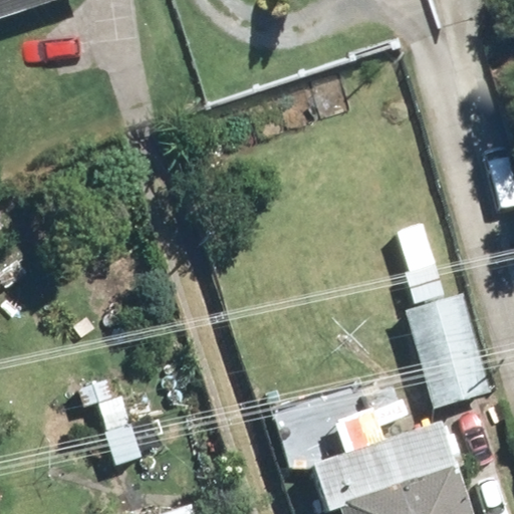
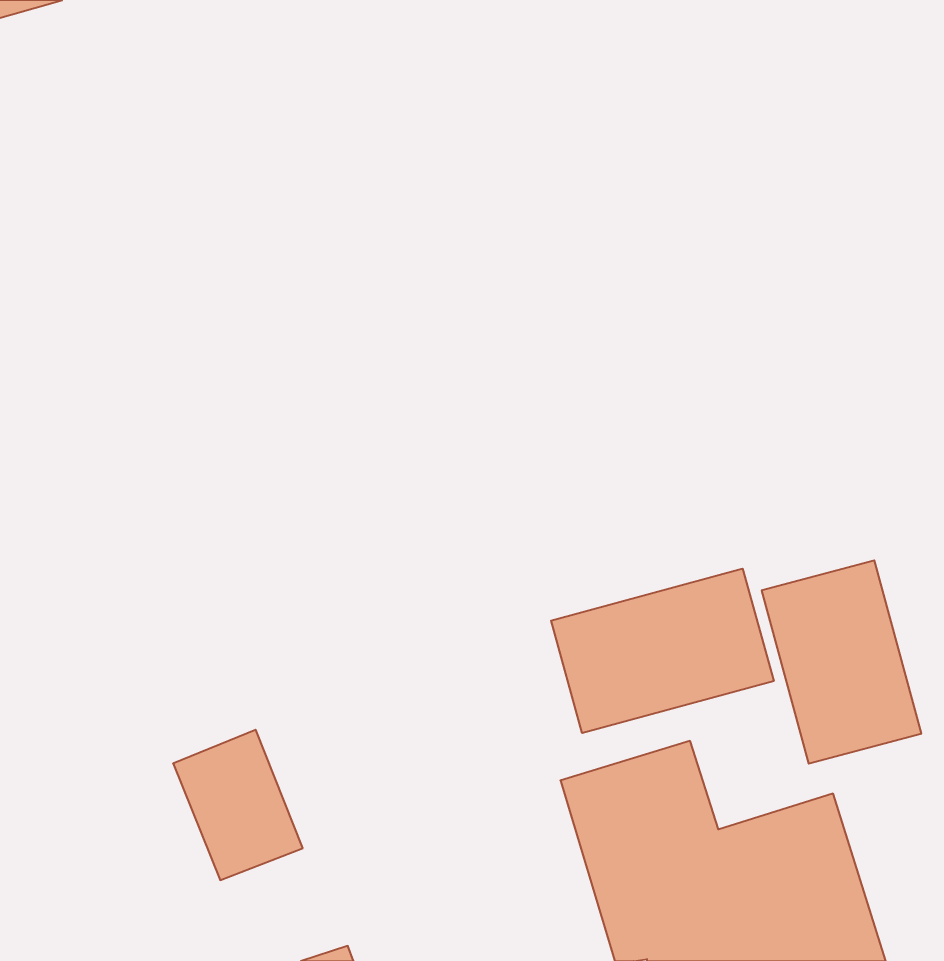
building: none -> [551,569,774,733]

